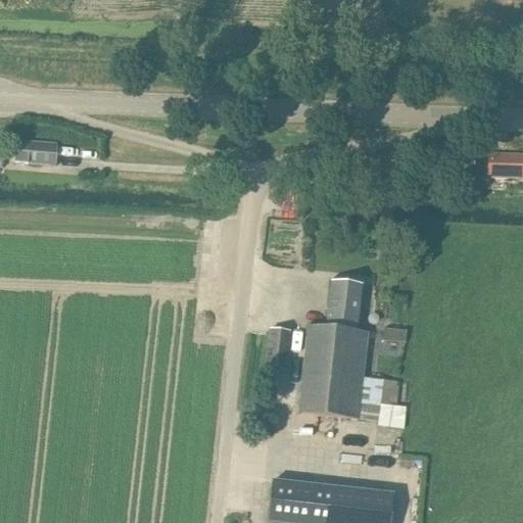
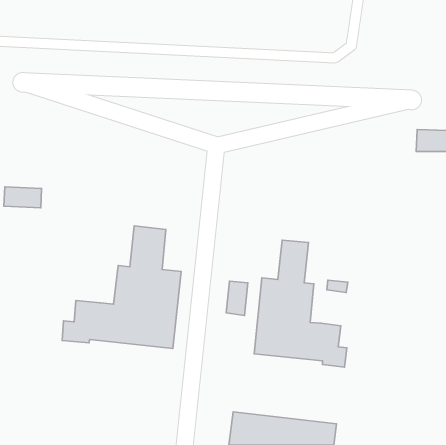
building: [15,139,59,163] -> [4,187,42,208]
building: none -> [62,226,181,349]

